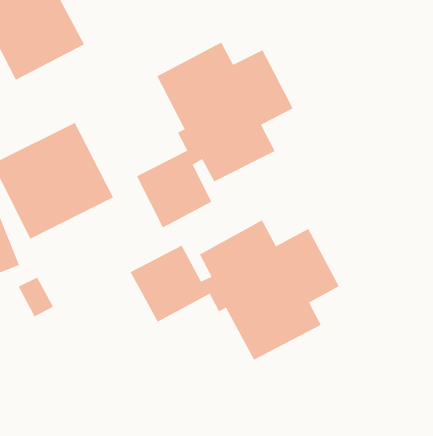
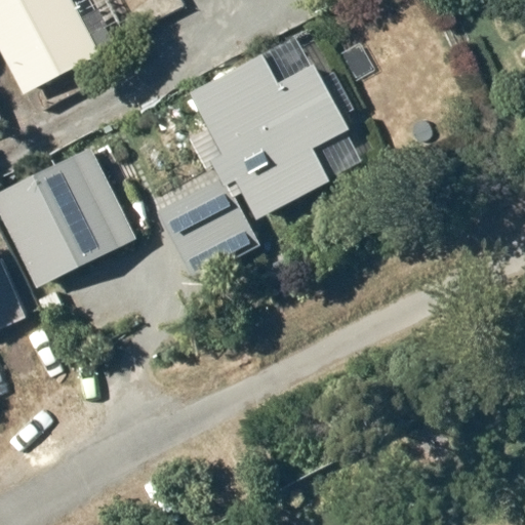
building: [130,220,340,361] -> none

